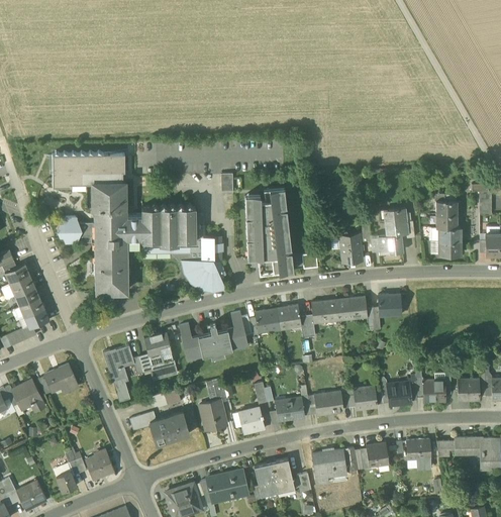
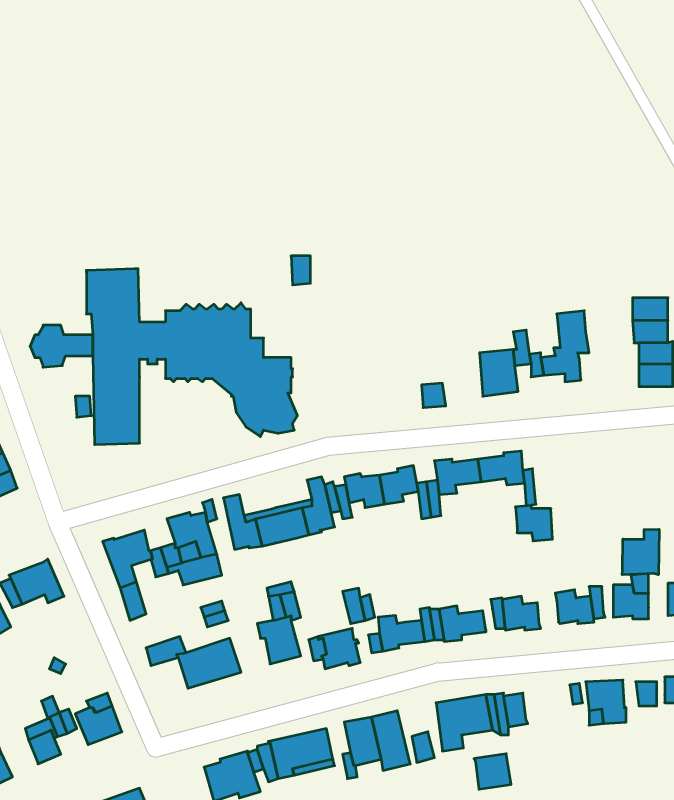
building: [53,153,125,187] -> none
building: [245,188,294,275] -> none
building: [379,294,402,316] -> [515,505,552,541]
building: none -> [622,529,659,575]
building: [366,442,389,464] -> [474,754,511,789]

